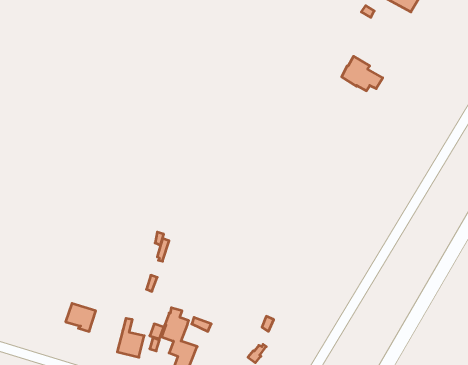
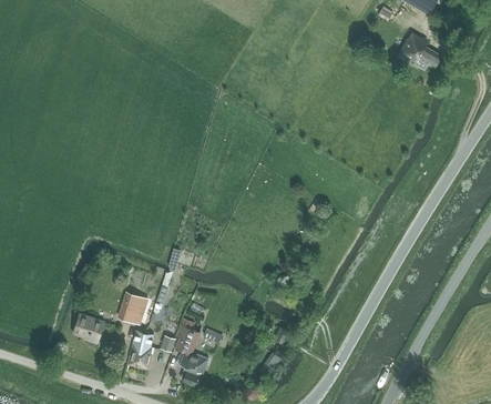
building: [342,56,383,91] -> [398,33,440,69]
building: none -> [116,291,149,324]

